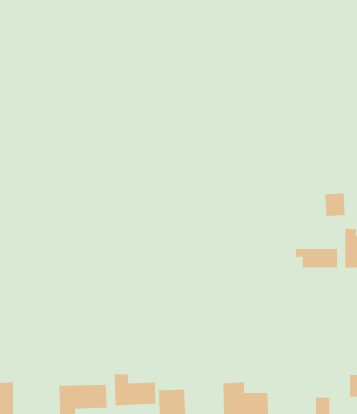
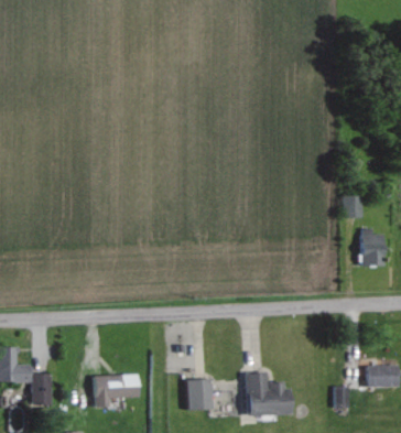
building: [295,248,337,268] -> none
building: [114,374,156,406] -> none

